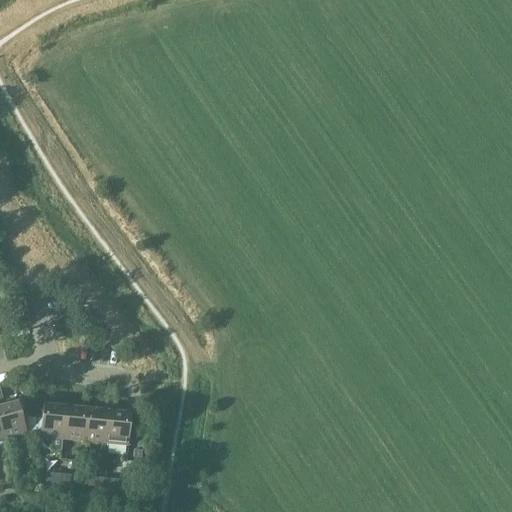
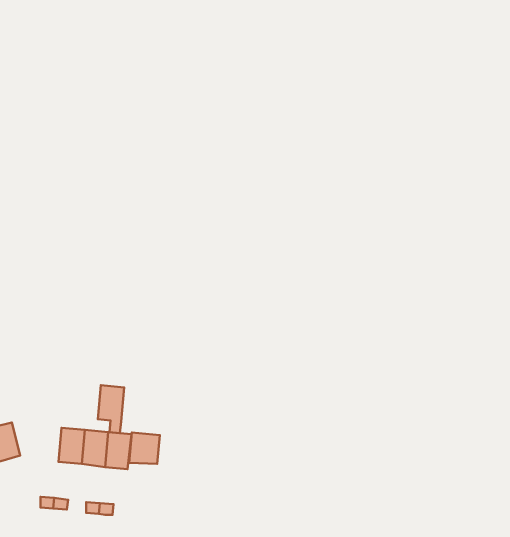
building: [40,402,65,447] -> [98,385,124,433]
building: none -> [129,432,160,464]

